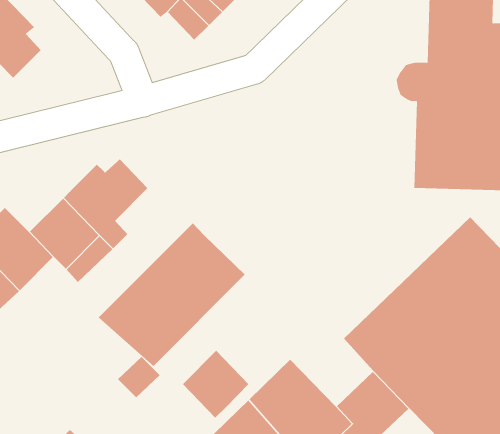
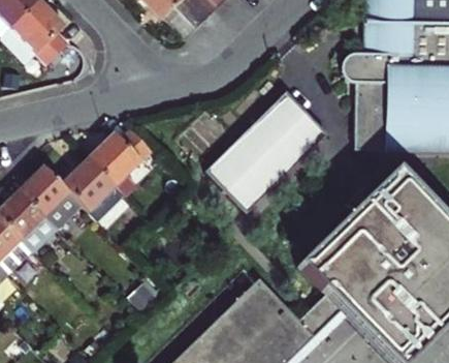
building: none -> [206,92,324,209]
building: [98,223,246,367] -> none
building: [182,350,249,418] -> none

